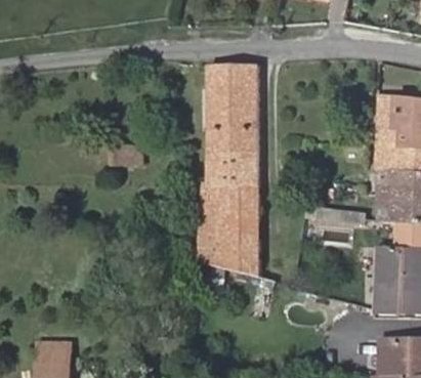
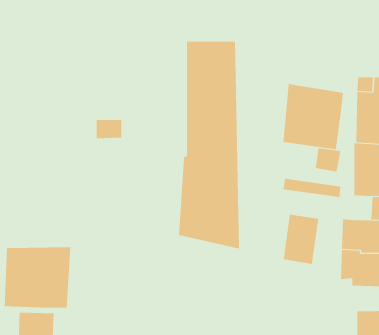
building: none -> [283,83,344,150]
building: none -> [283,214,319,265]
building: none -> [4,246,71,308]

